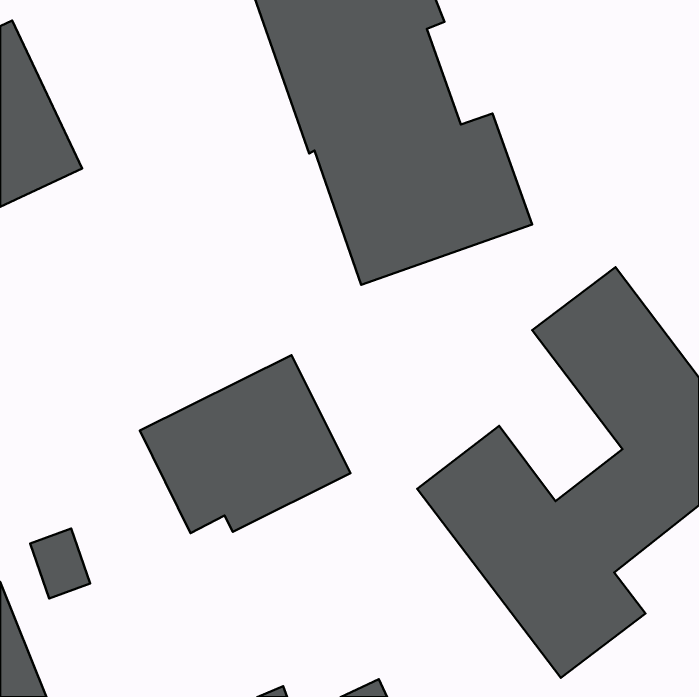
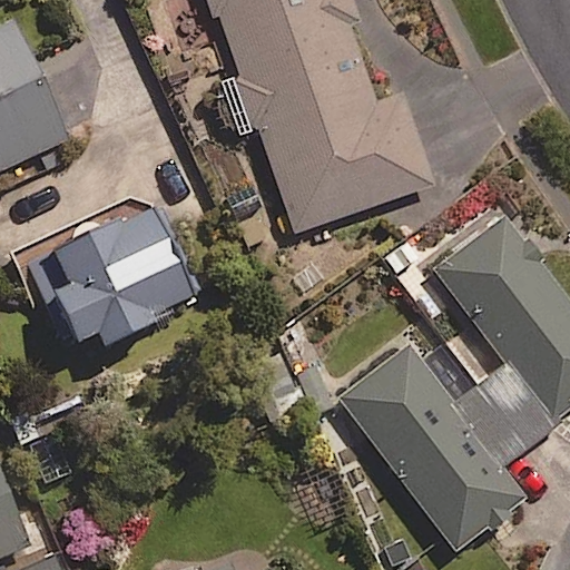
building: [140,355,350,533] -> [28,202,199,346]

